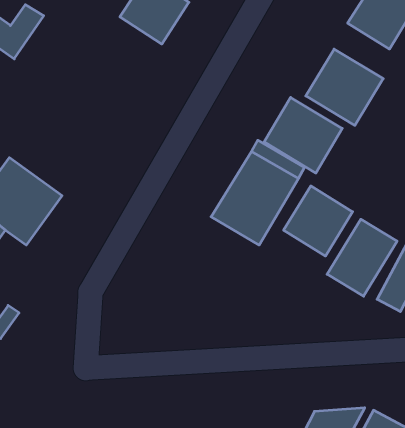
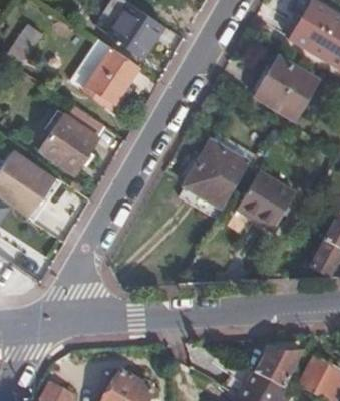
building: none -> [84,47,137,103]
building: [264,97,342,173] -> none
building: none -> [38,103,103,173]
building: [327,219,397,296] -> none

